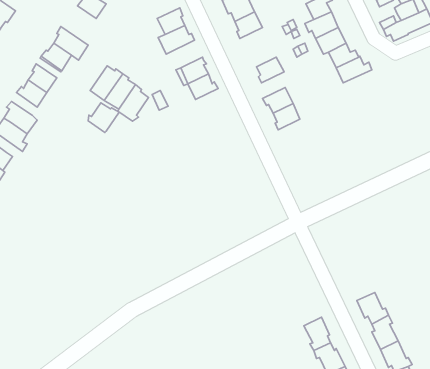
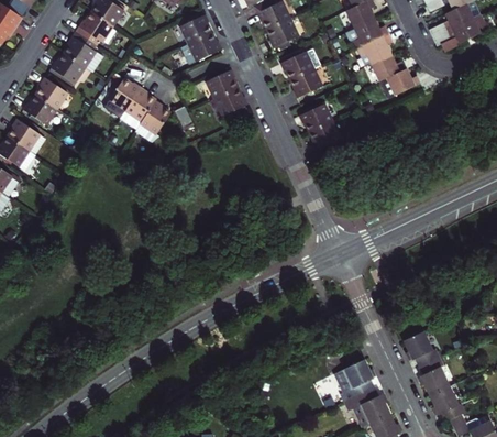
building: none -> [77,11,111,42]
building: none -> [279,47,319,79]
building: [88,103,119,132] -> none

